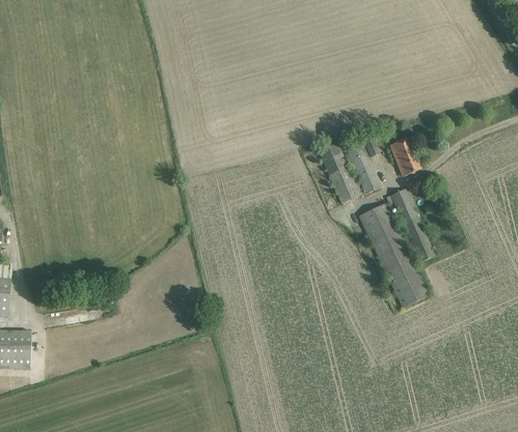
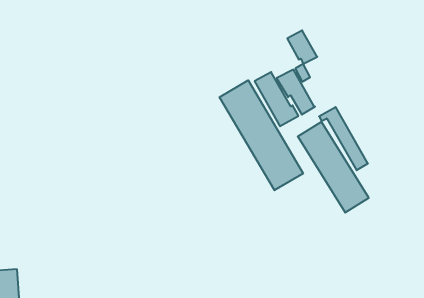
building: [388,138,419,175] -> [287,30,317,64]
building: none -> [220,80,303,190]

